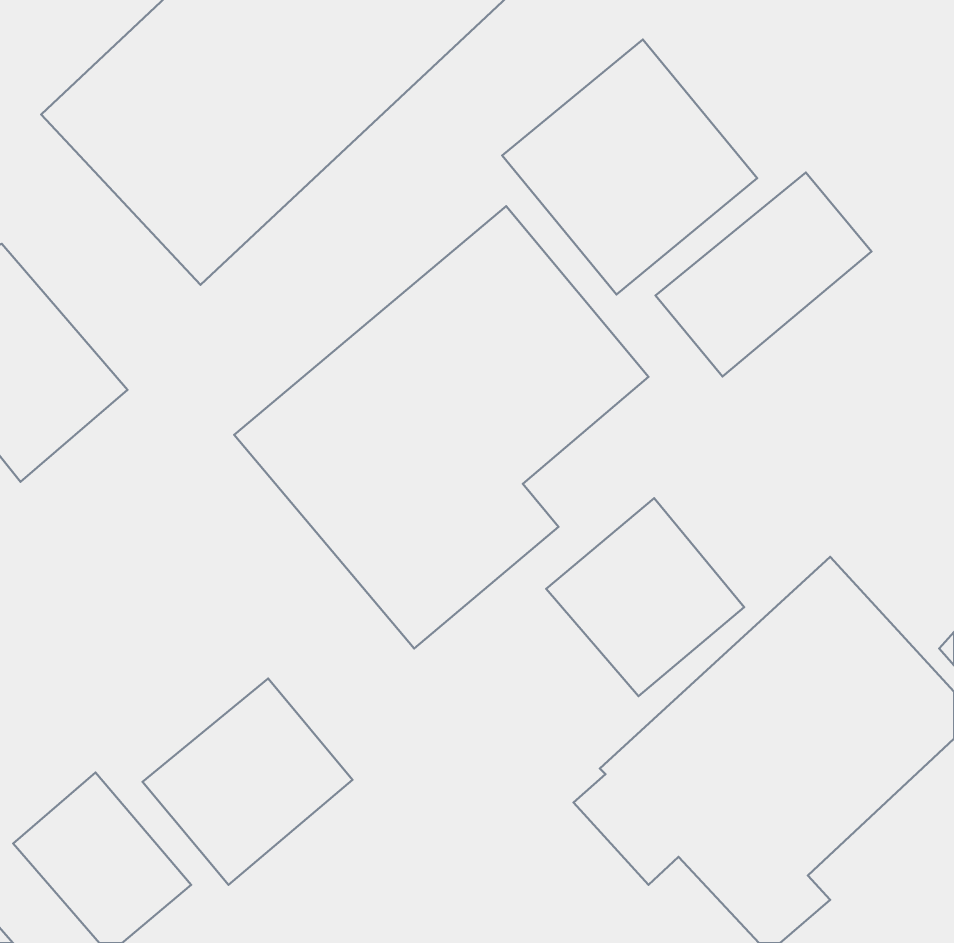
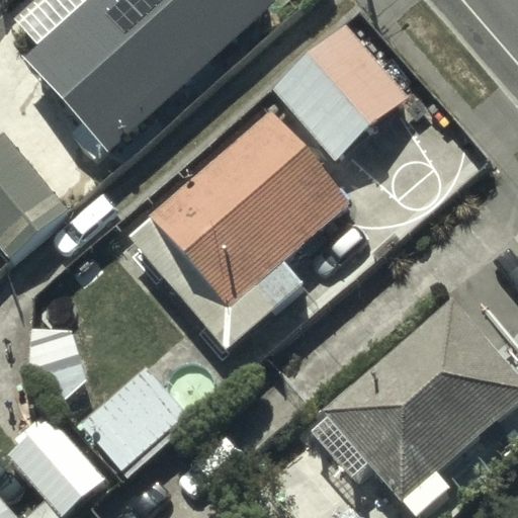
building: [656,172,872,376] -> none
building: [546,498,744,696] -> none

